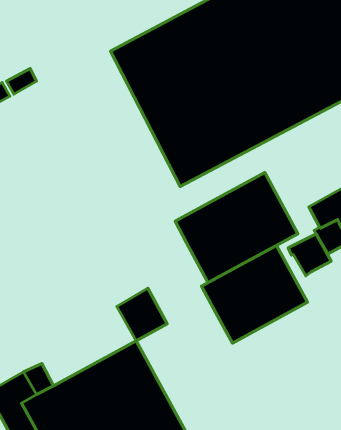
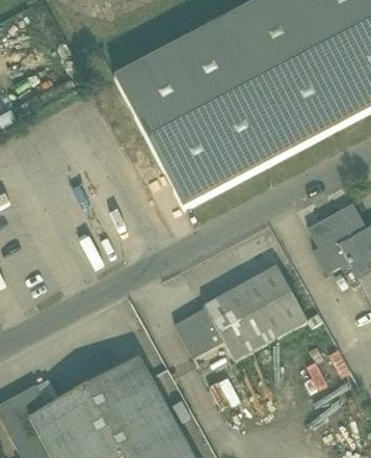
building: [175,172,298,283] -> none
building: [288,234,331,276] -> none
building: [117,288,167,341] -> [175,306,223,357]

